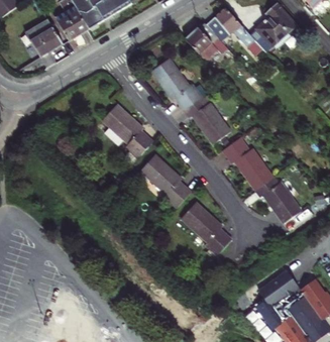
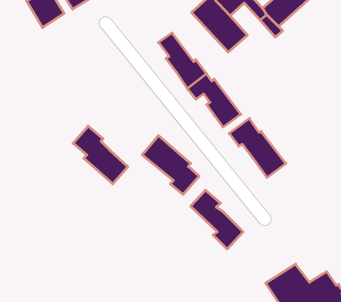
building: [101,104,152,158] -> [73,126,128,184]
building: [256,180,304,226] -> none

